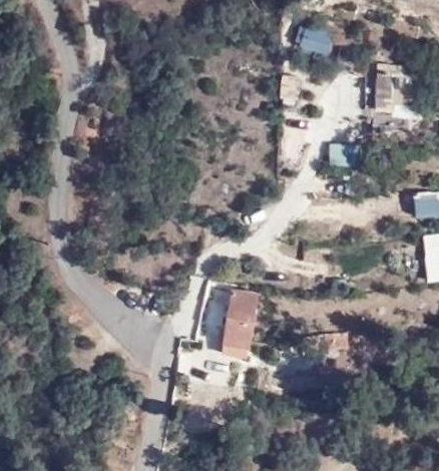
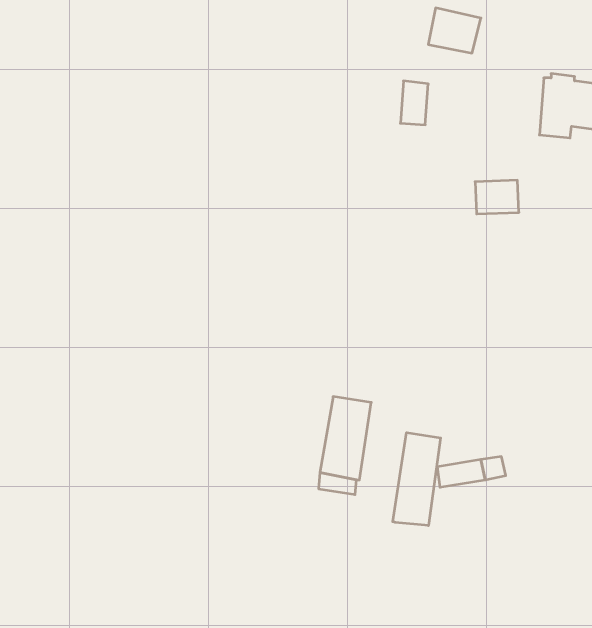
building: none -> [393,433,441,526]

